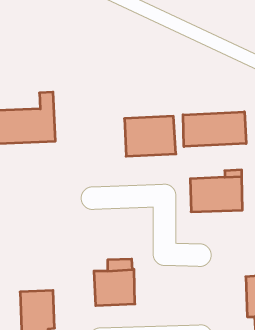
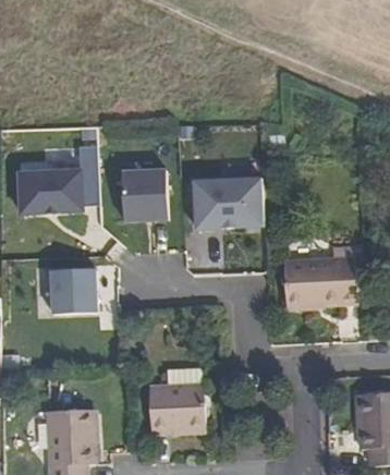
building: none -> [121,167,168,222]
building: [183,112,246,147] -> none
building: none -> [48,269,97,316]

